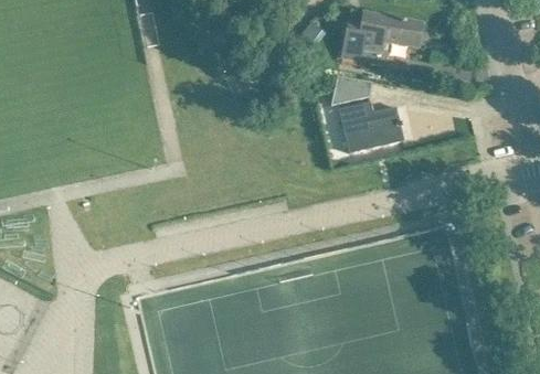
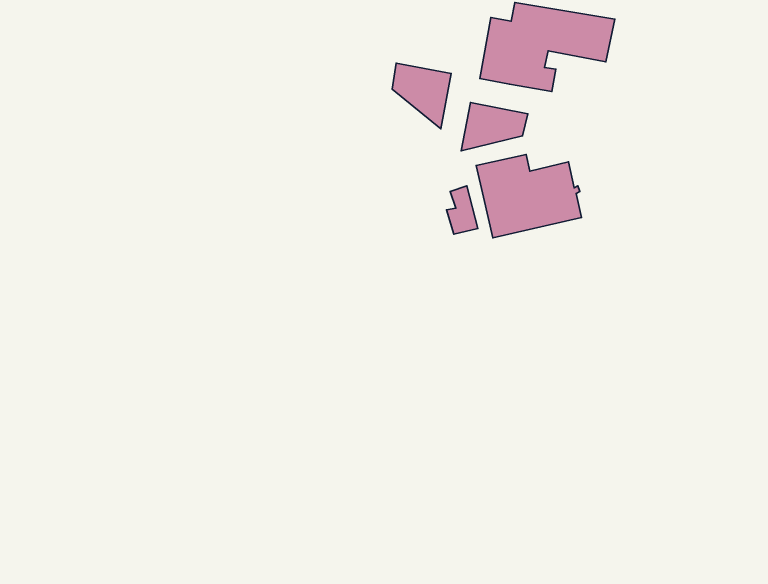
building: none -> [392,63,451,129]

